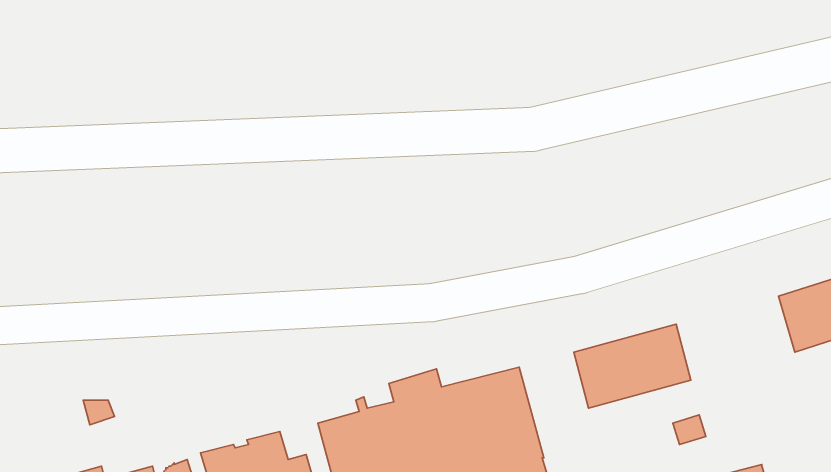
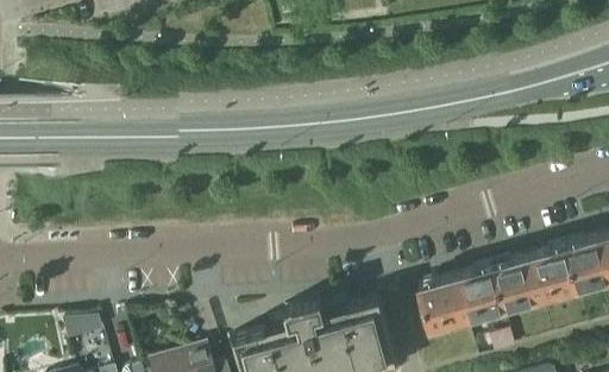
building: none -> [492,245,578,305]

